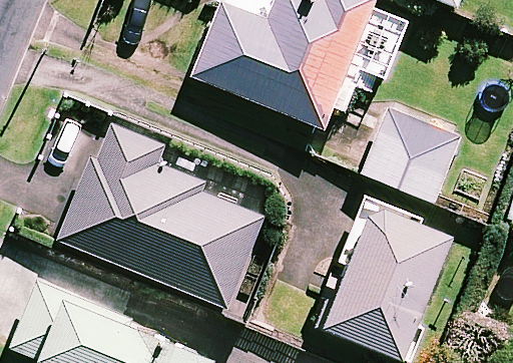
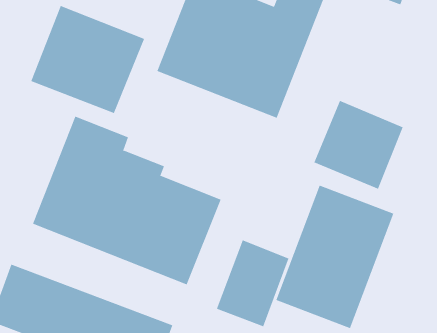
building: none -> [31,5,145,114]
building: none -> [216,240,289,327]

